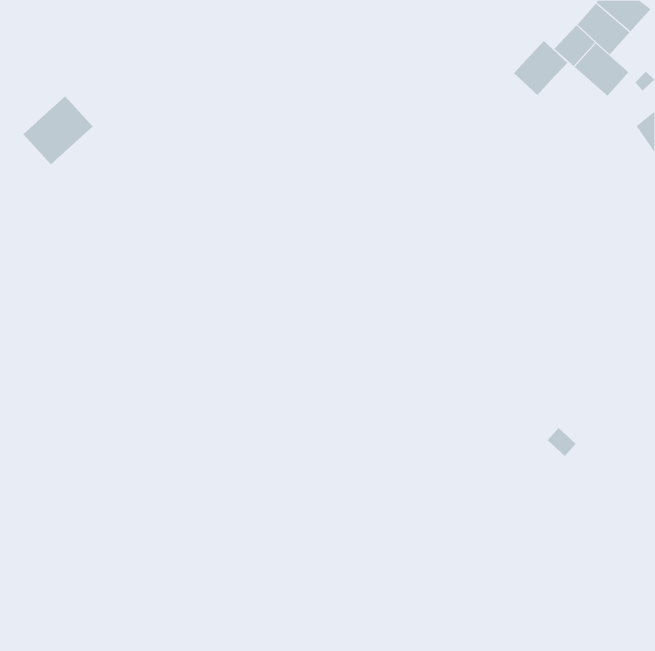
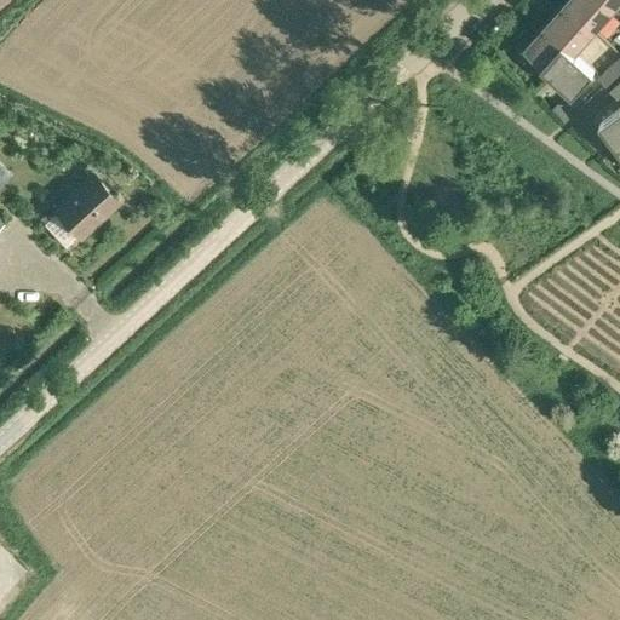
building: [513,40,568,96] -> none
building: [23,96,93,165] -> [52,177,119,242]

